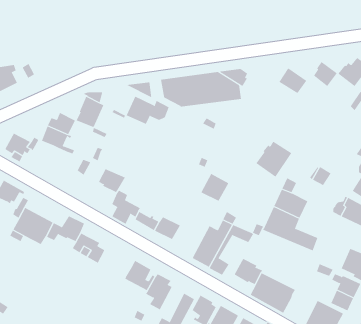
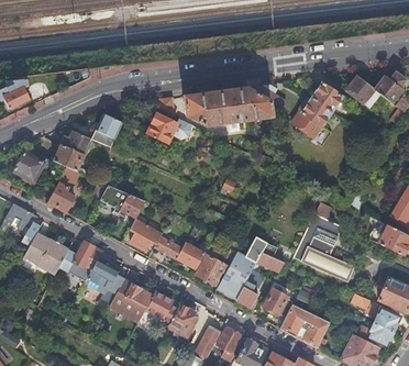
building: [255,141,292,178] -> [291,98,331,137]
building: none -> [47,167,79,212]
building: [201,173,229,202] -> [195,254,225,285]
building: none -> [110,279,152,320]

